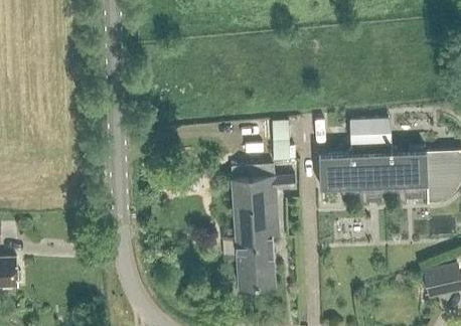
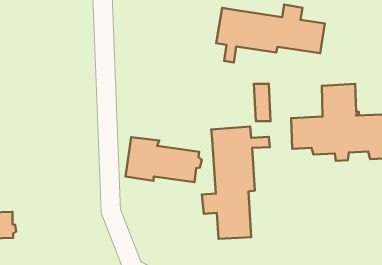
building: none -> [216,5,325,63]
building: none -> [126,137,202,182]

